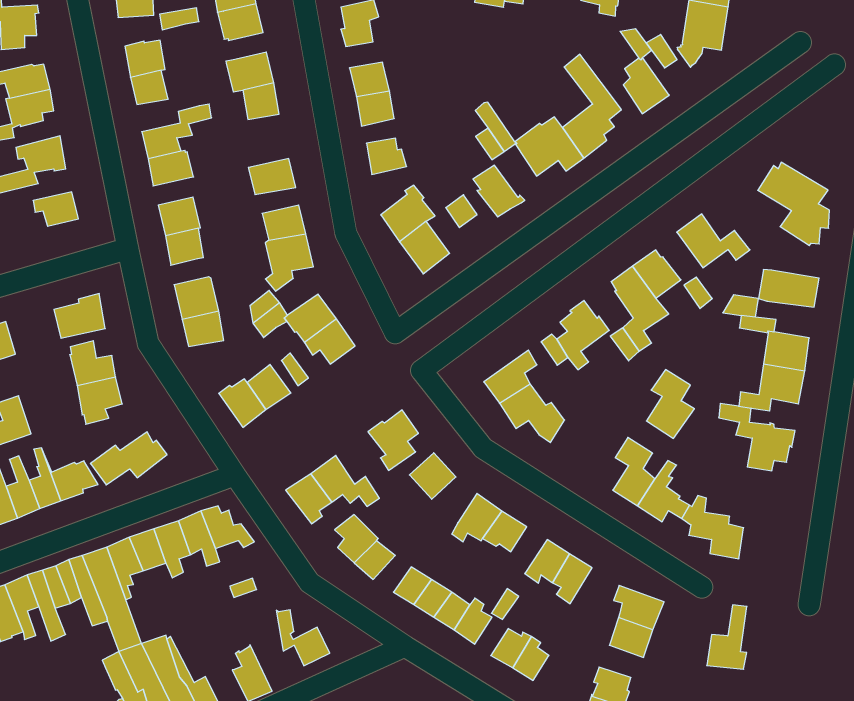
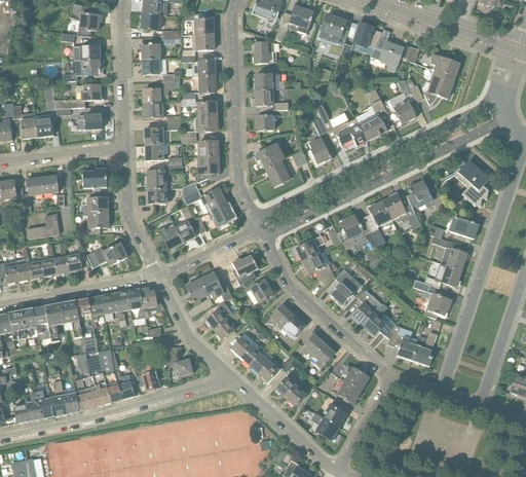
building: none -> [180,98,216,116]
building: [646,370,694,438] -> [330,268,355,304]
building: [707,605,747,669] -> [411,331,437,365]

